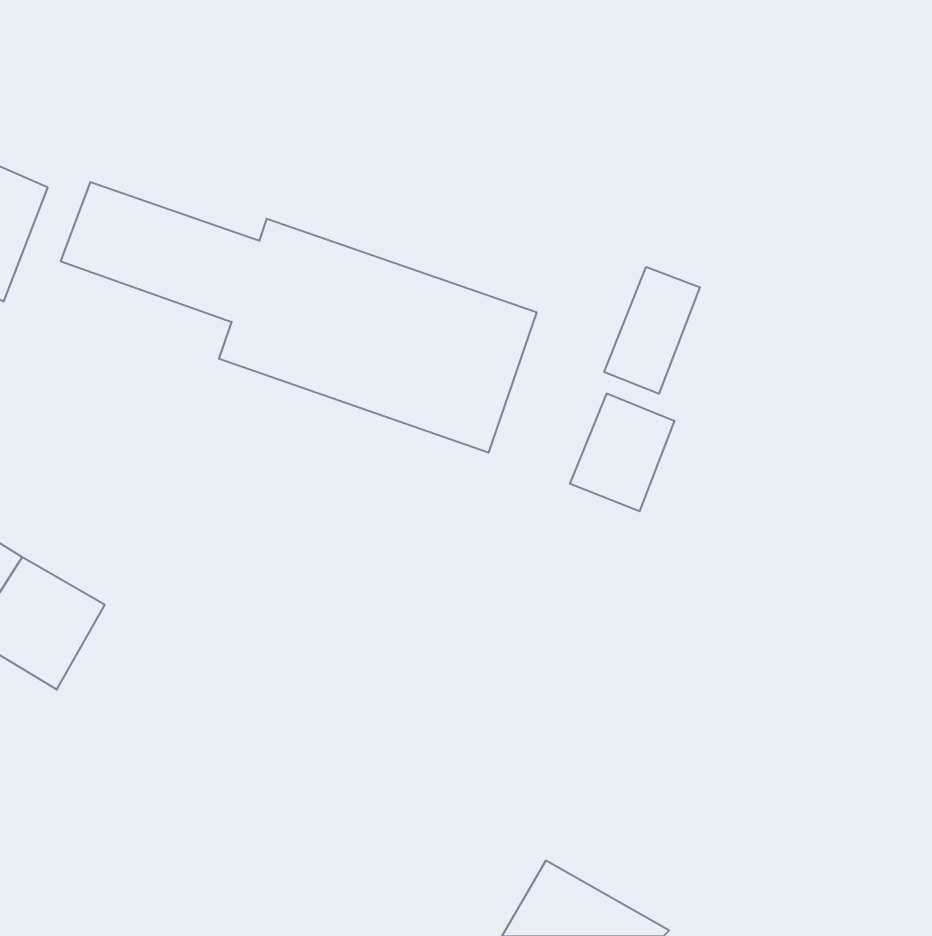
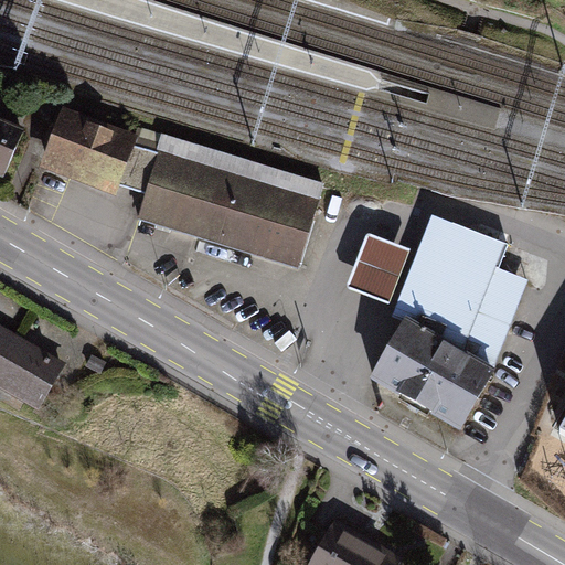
building: [604,267,700,394] -> none
building: none -> [367,217,529,419]

